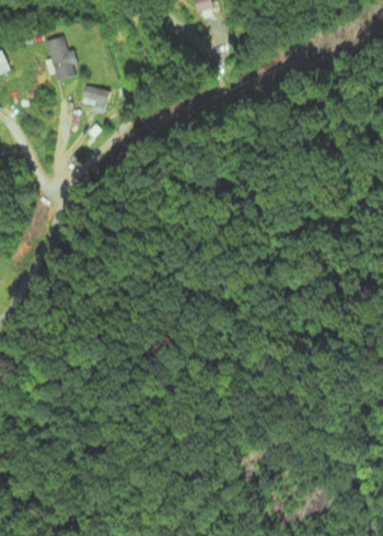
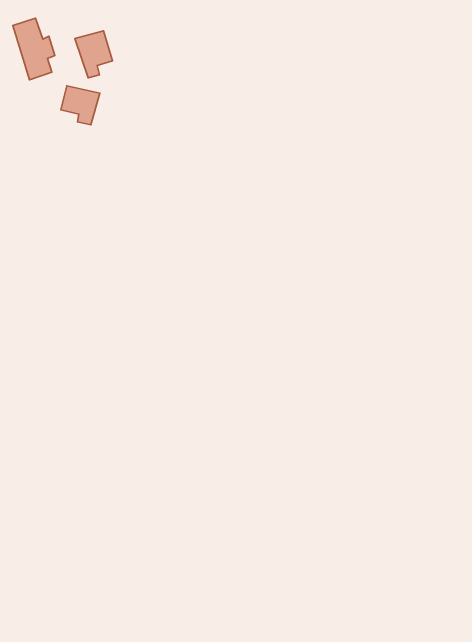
building: none -> [75,31,113,78]

